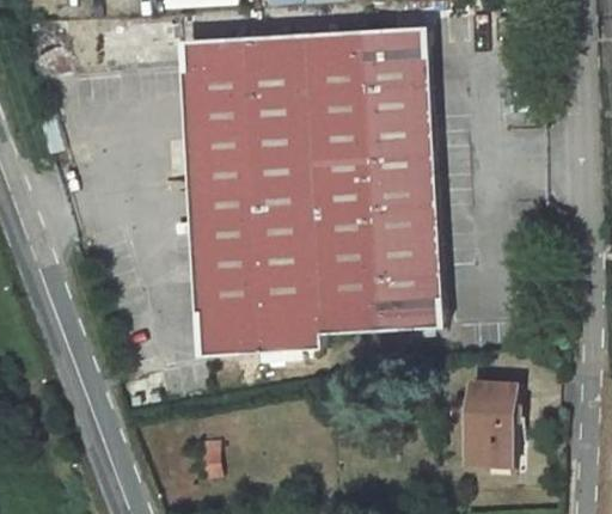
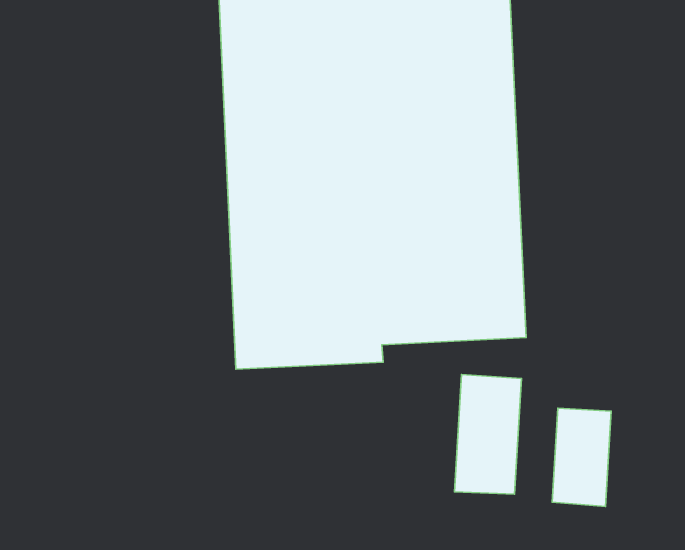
building: none -> [455,375,521,494]

